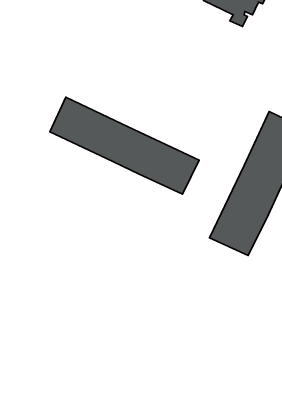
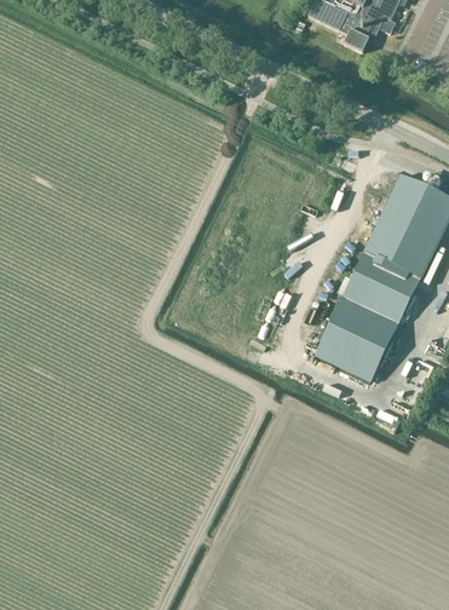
building: [50,97,199,194] -> none

